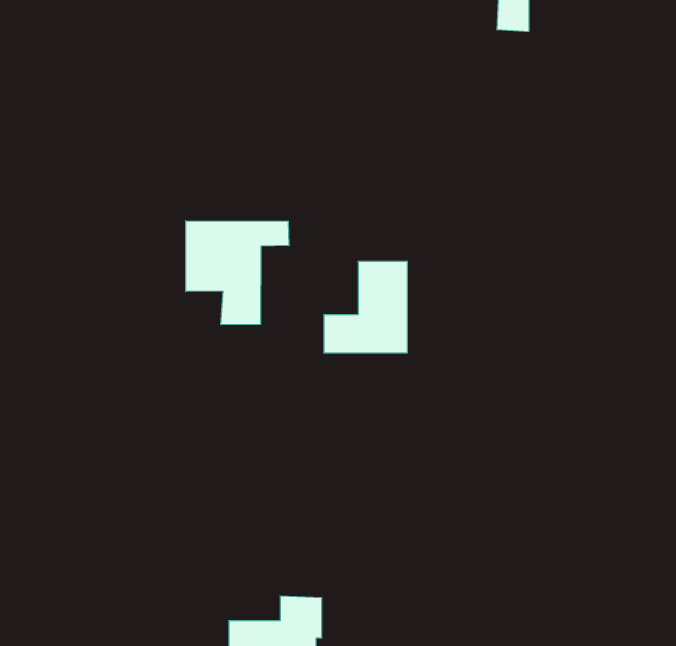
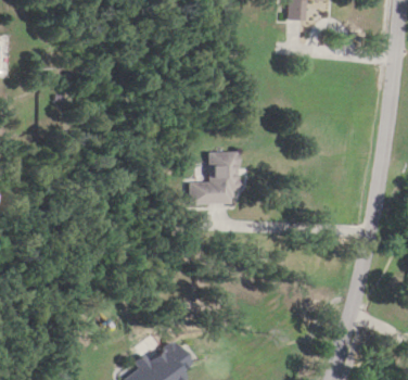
building: [186,221,289,325] -> none

